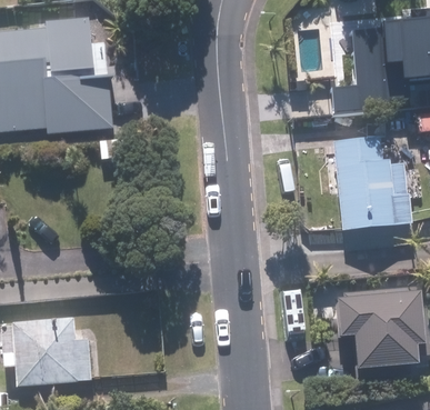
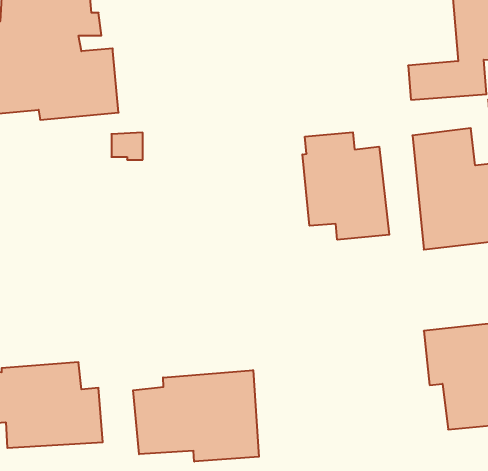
building: none -> [302,132,389,240]
building: none -> [133,370,259,462]

